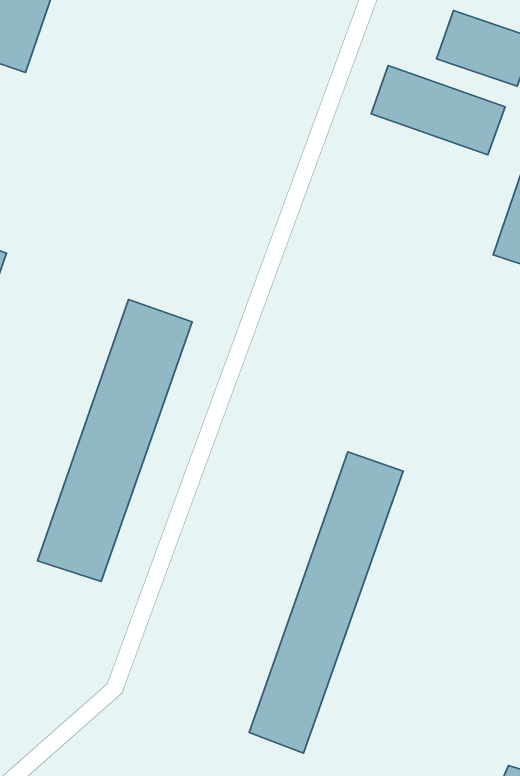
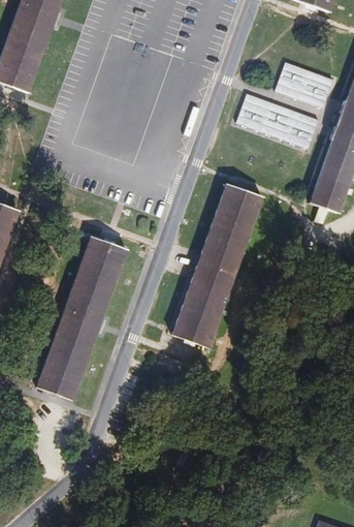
building: none -> [171,179,266,350]
building: [249,452,403,753] -> none

